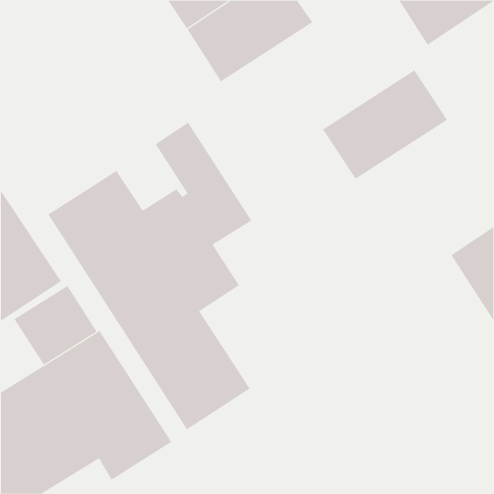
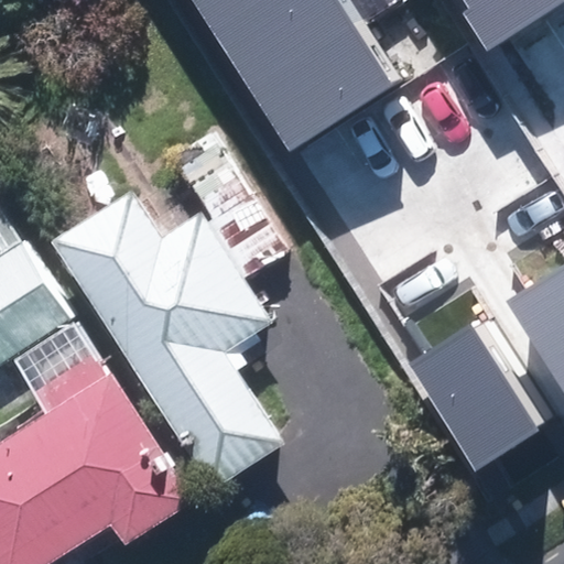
building: [322,69,448,180] -> [251,25,394,151]
building: none -> [411,315,542,462]

